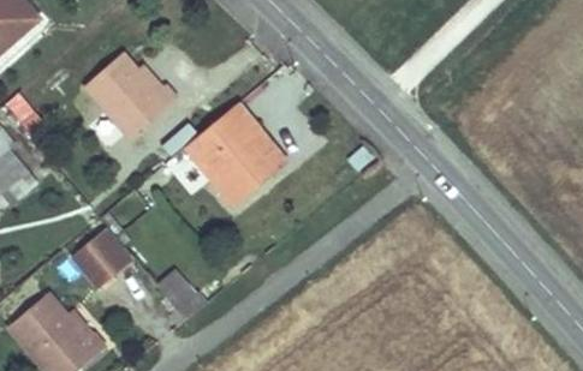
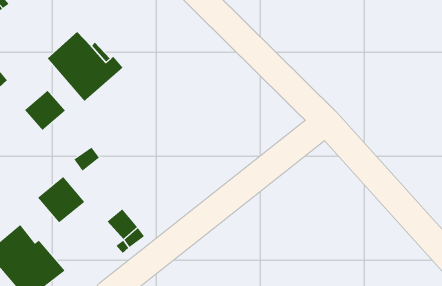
building: [186,103,286,203] -> none
building: none -> [24,90,66,131]

